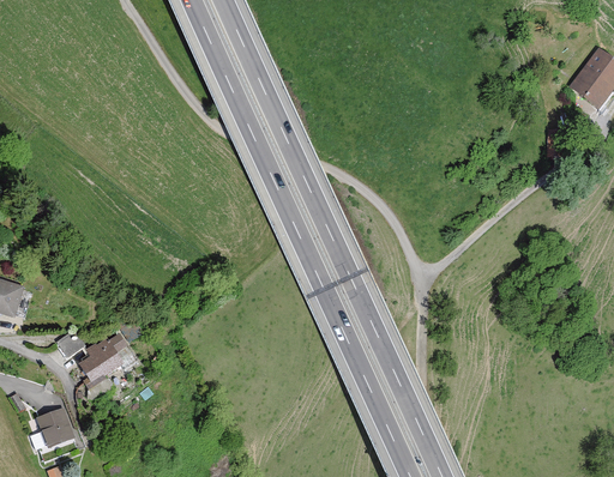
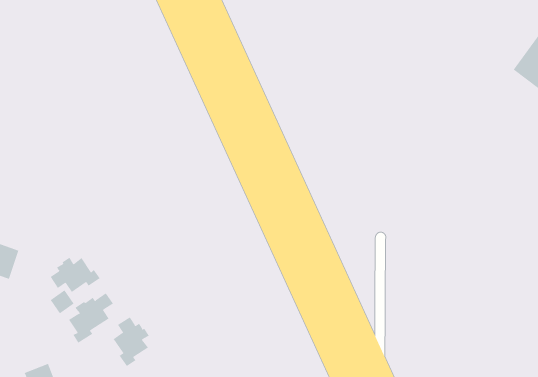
building: none -> [50,257,100,293]
building: none -> [113,316,149,367]

